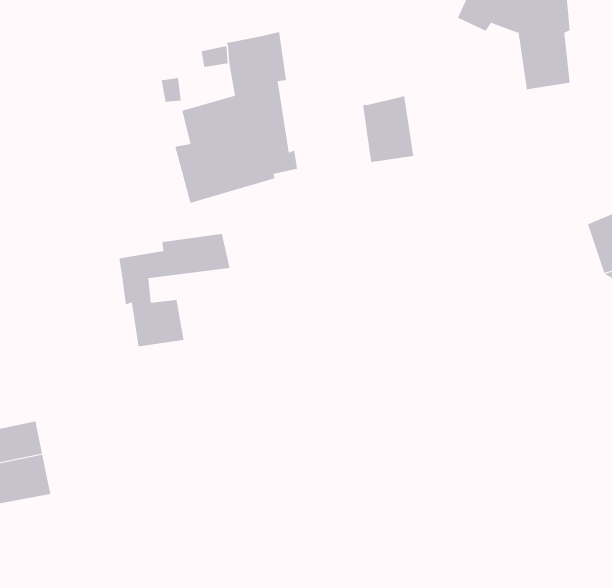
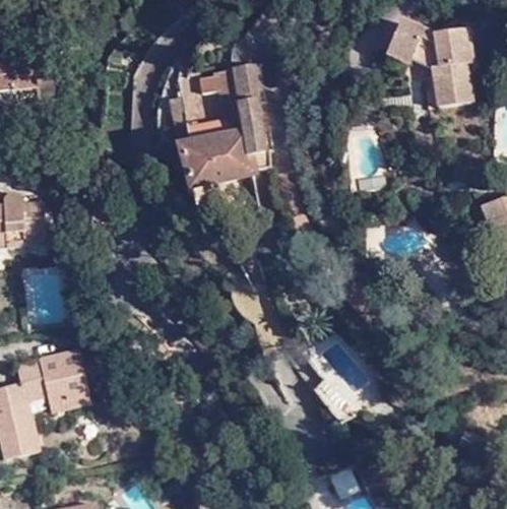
building: [363,95,414,163] -> none
building: [119,233,230,347] -> none

